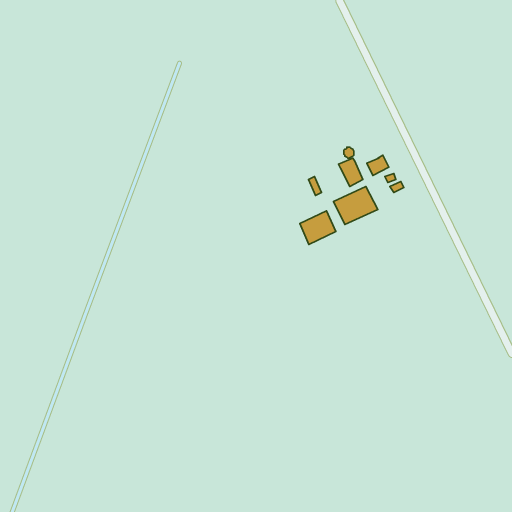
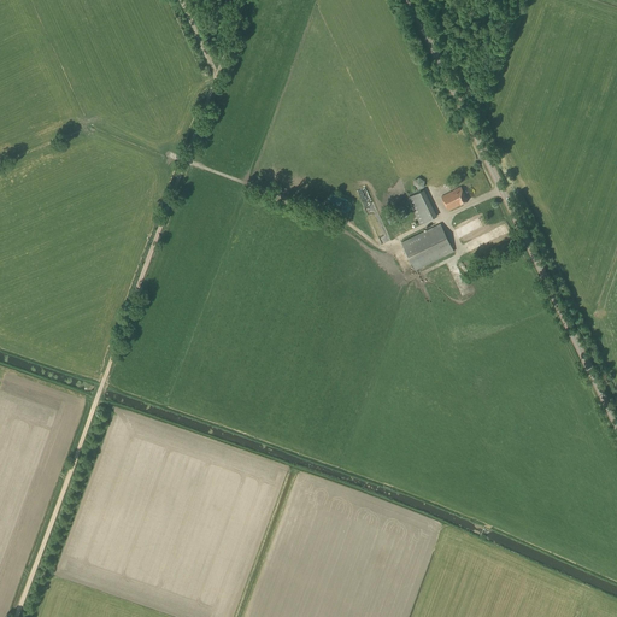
building: [300,211,336,245] -> none

